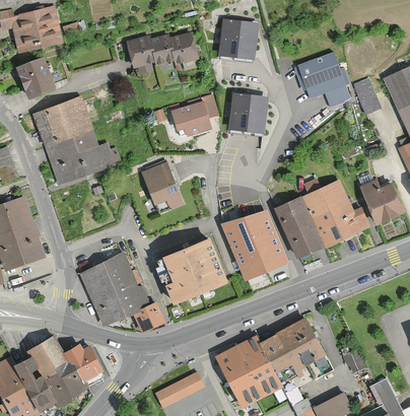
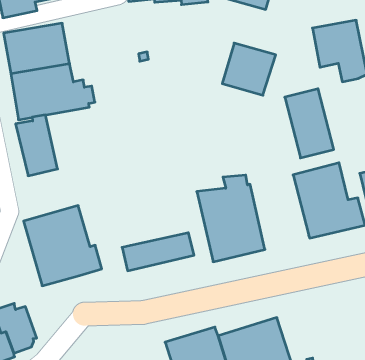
building: [173,102,214,140] -> none
building: [142,161,185,216] -> [16,115,58,176]
building: [274,195,324,257] -> [285,89,334,158]
building: [162,233,220,279] -> none
building: [133,301,165,332] -> none

